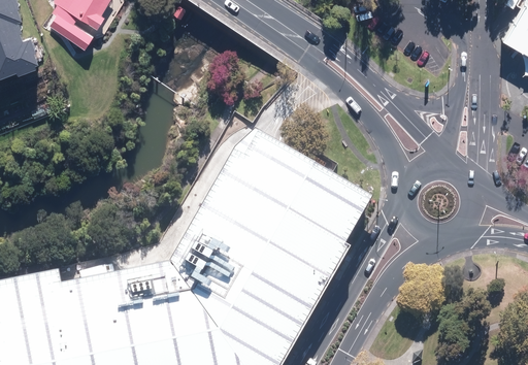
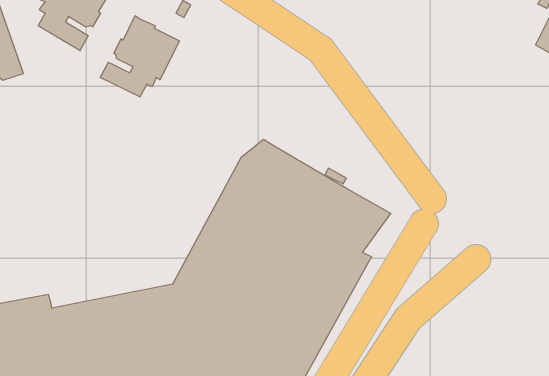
building: none -> [100,16,179,97]

